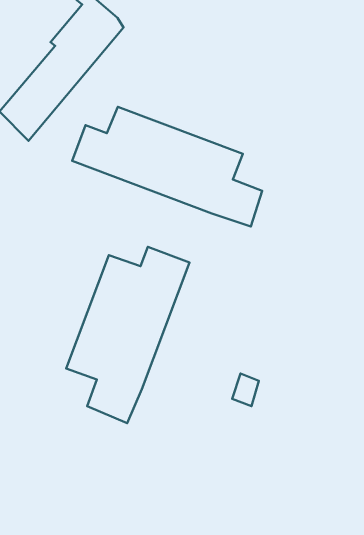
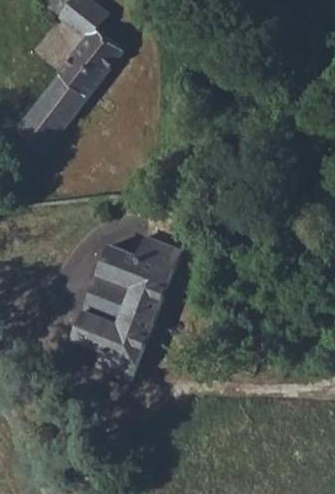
building: [72,107,262,226] -> none

